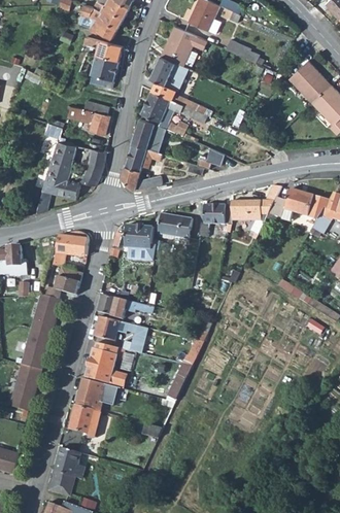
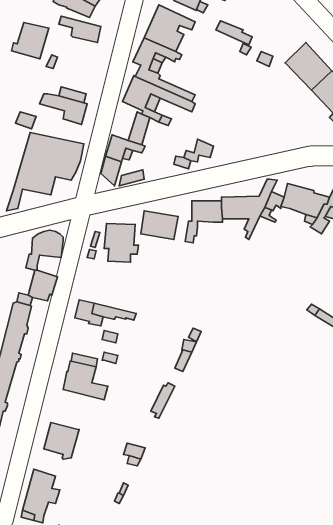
building: [83,56,117,89] -> [11,22,49,59]
building: [131,119,154,149] -> none
building: [94,315,118,340] -> none
building: [75,378,118,411] -> none

